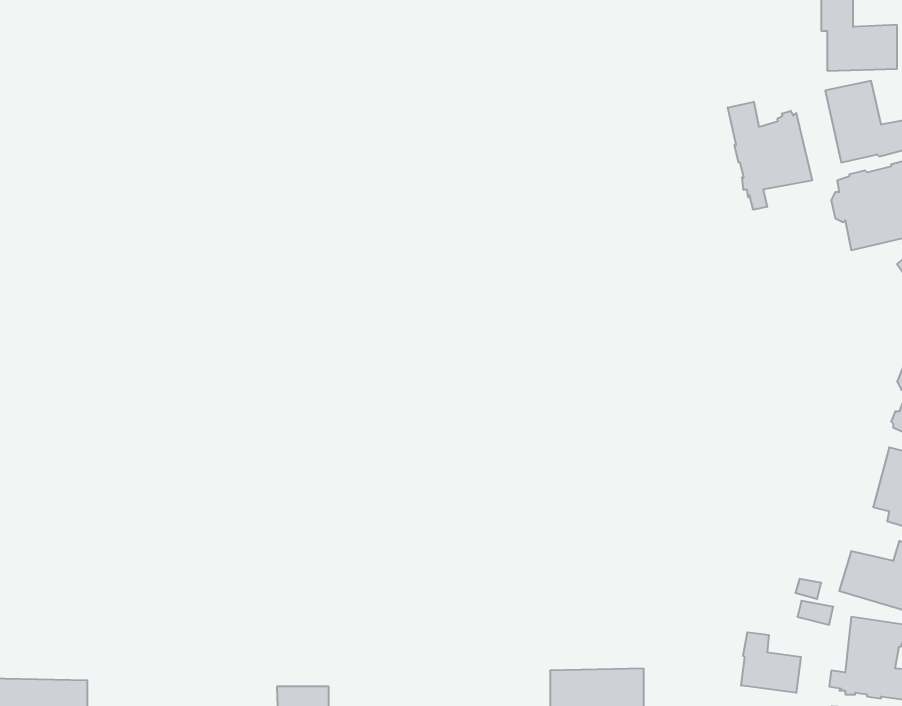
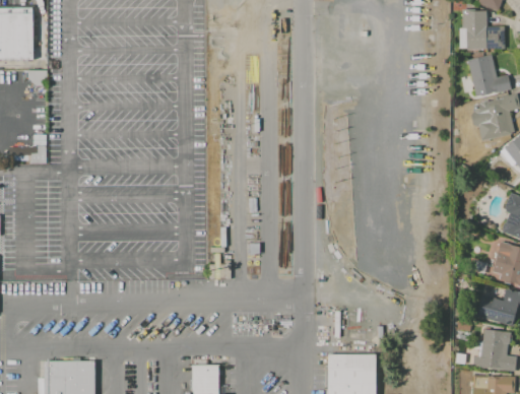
building: [728,102,812,210] -> none
building: [741,632,801,693] -> none

